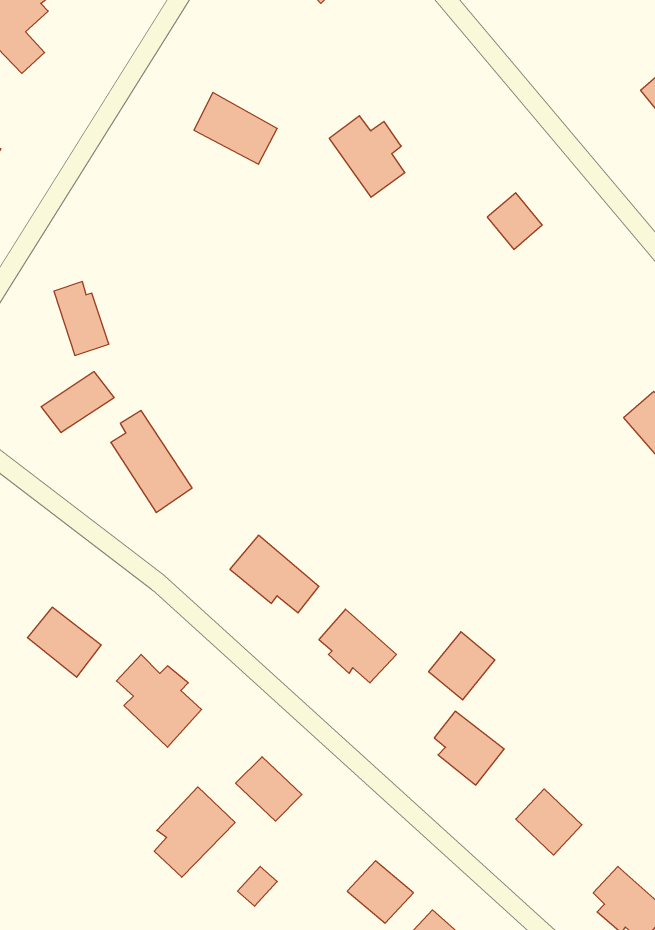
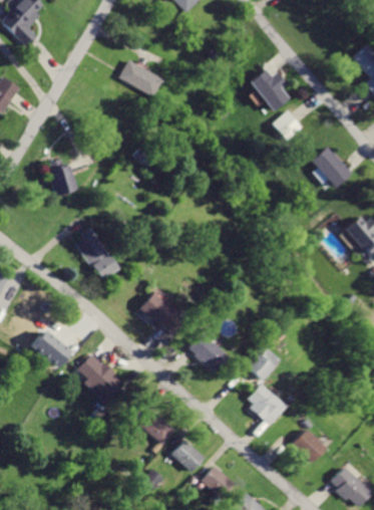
building: [329,116,405,197] -> [252,68,292,111]
building: none -> [314,148,354,188]
building: [41,372,114,433] -> none
building: [154,787,235,877] -> none
building: none -> [171,439,206,472]

